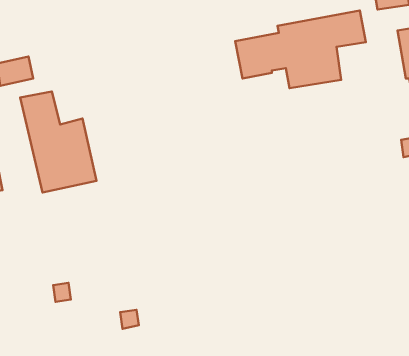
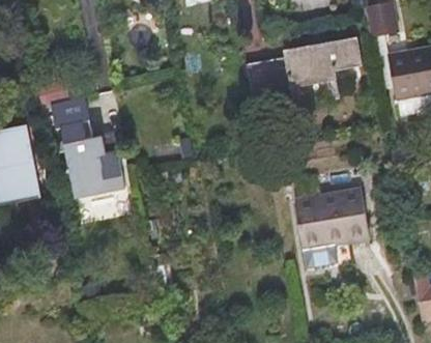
building: none -> [295,188,369,268]

